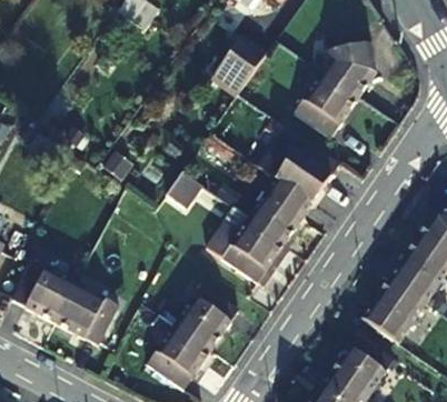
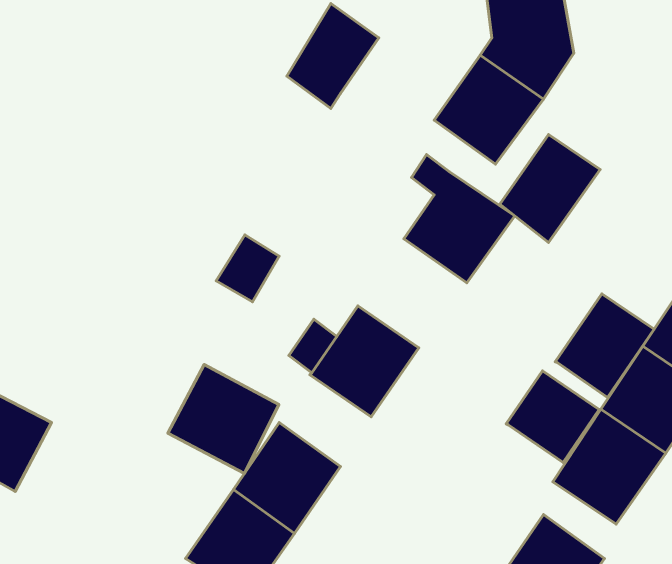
building: none -> [500,134,600,243]
building: [249,175,312,239] -> none
building: none -> [555,294,654,397]
building: none -> [506,371,599,462]
building: [50,282,115,345] -> [168,364,279,474]

